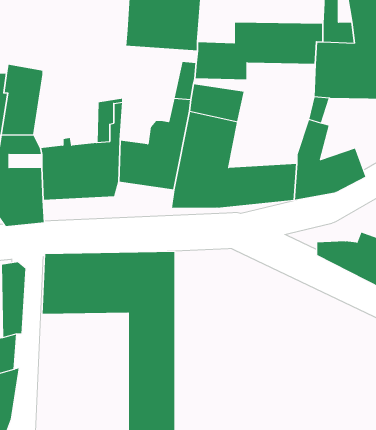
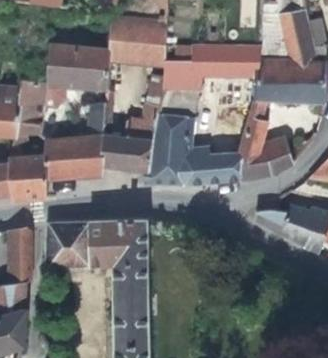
building: none -> [46,43,110,90]

